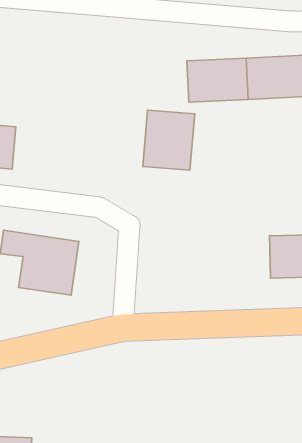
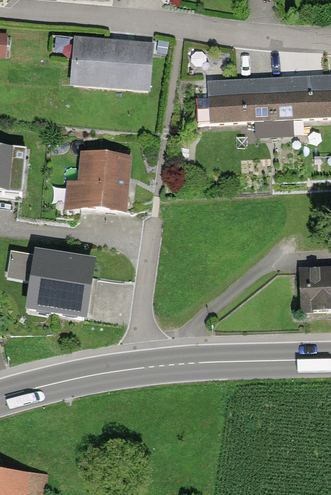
building: none -> [67,35,152,95]
building: [143,110,195,170] -> [77,150,132,214]

